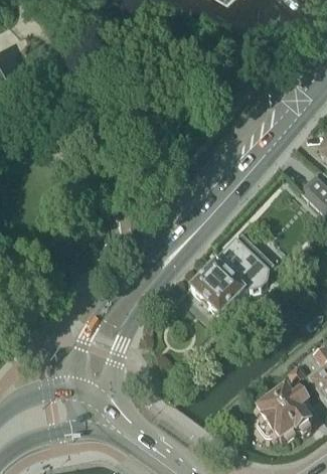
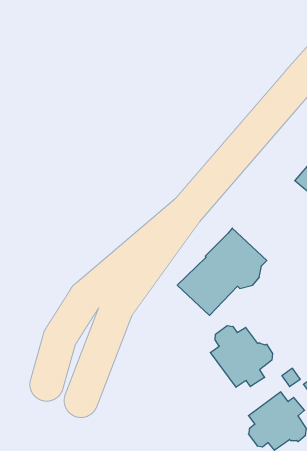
building: none -> [210,326,272,387]

